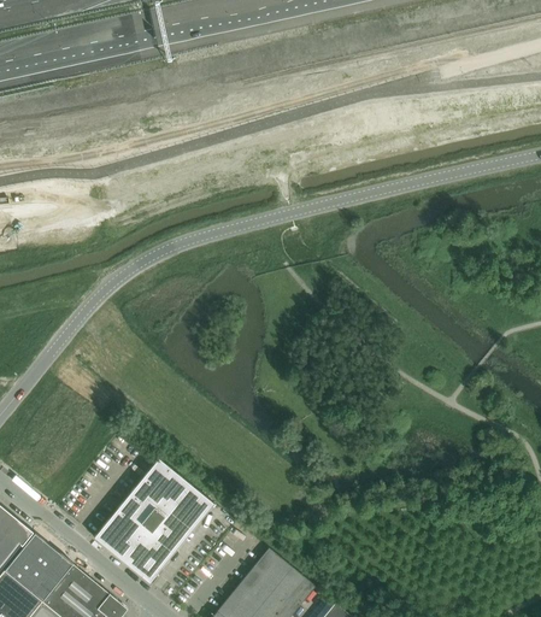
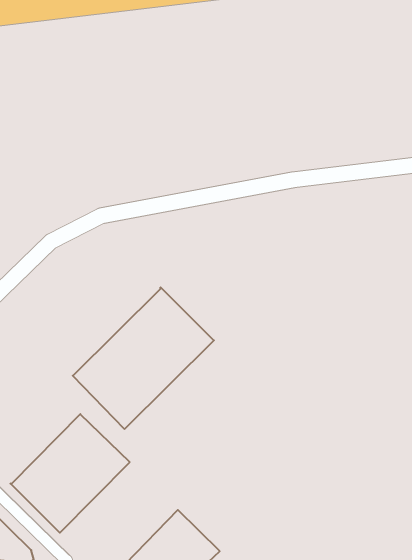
building: none -> [73,287,214,429]

